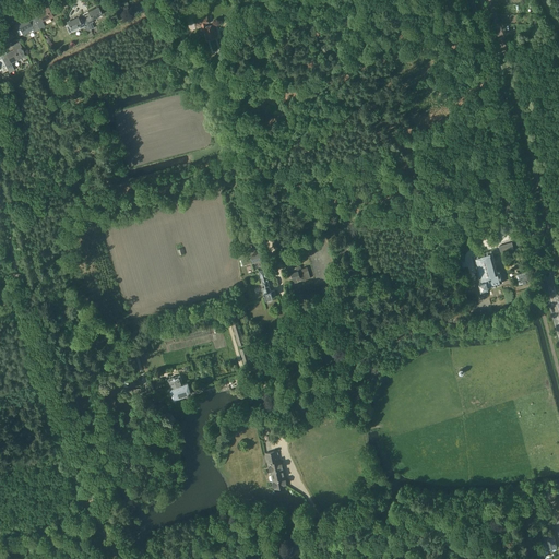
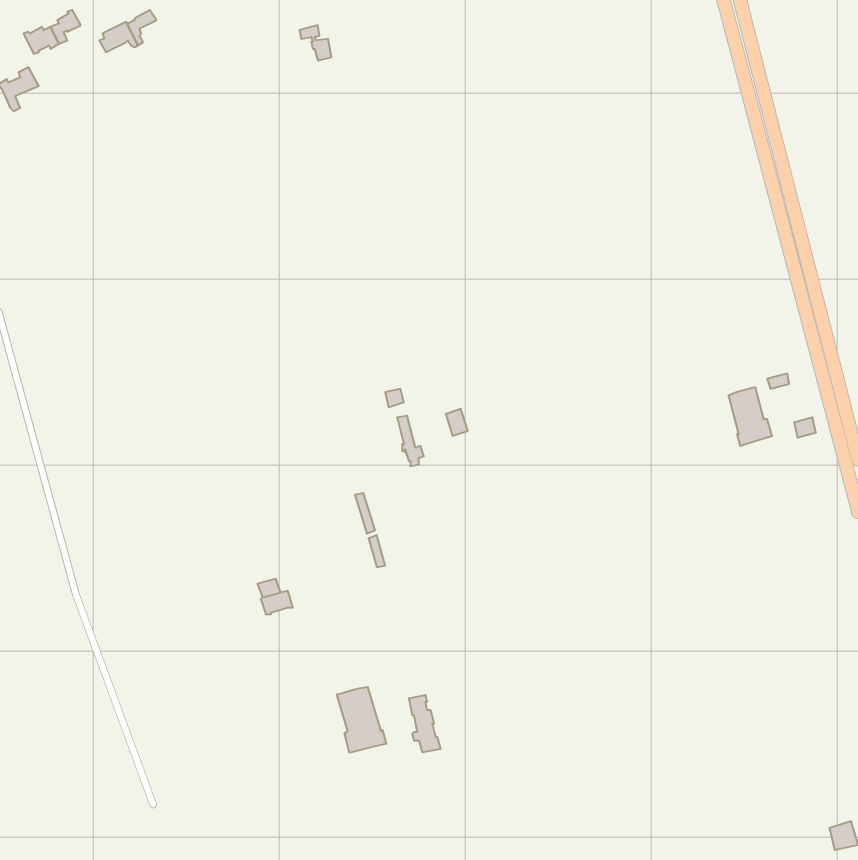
building: none -> [337,687,386,753]

